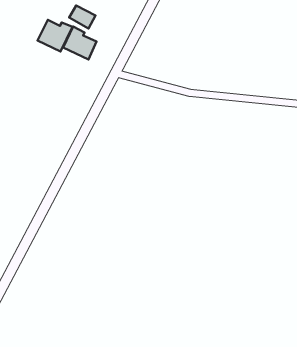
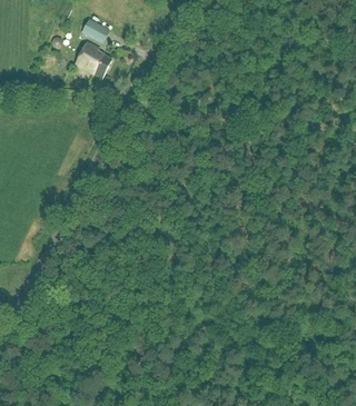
building: [37,20,72,52] -> none

